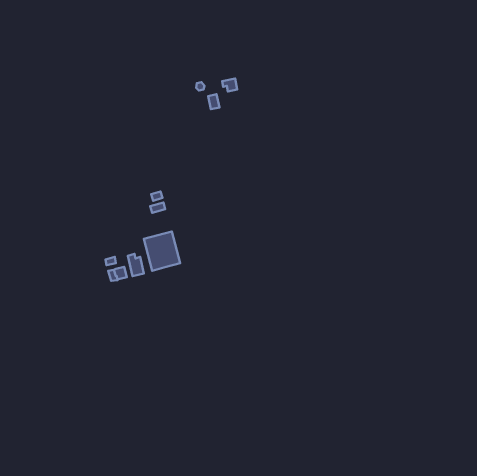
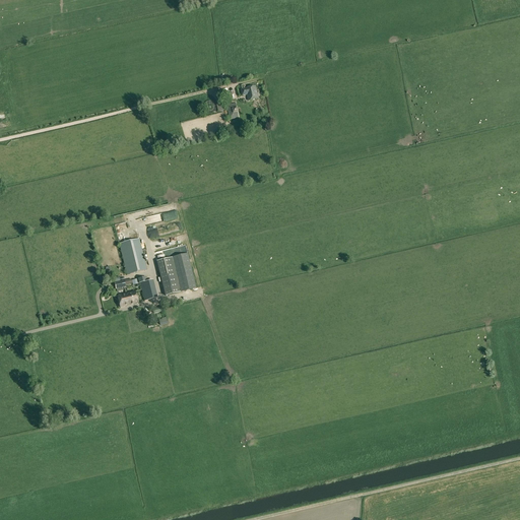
building: none -> [119,238,147,274]

